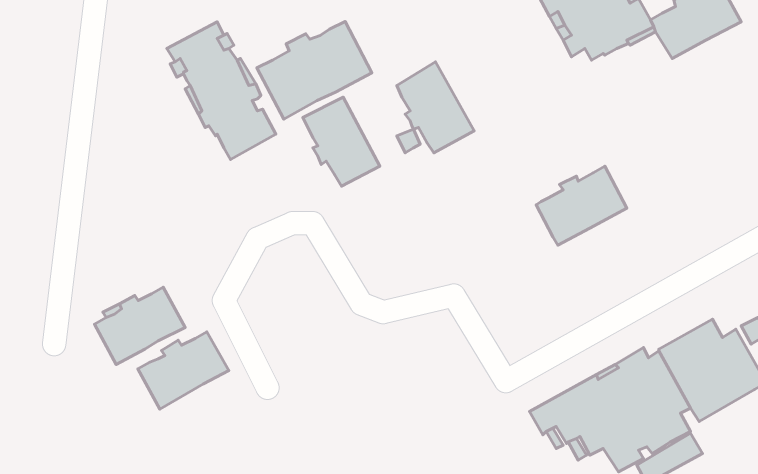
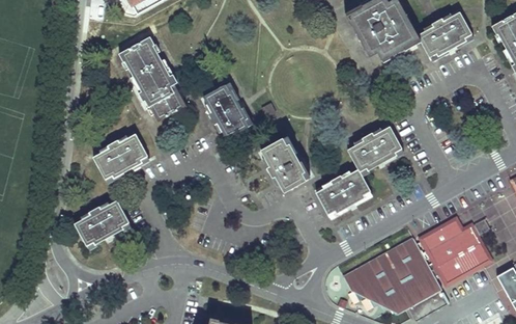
building: [257,21,372,119] -> none
building: [397,62,474,153] -> [261,135,309,191]
building: none -> [316,168,372,216]
building: [138,332,229,409] -> [93,133,149,181]

